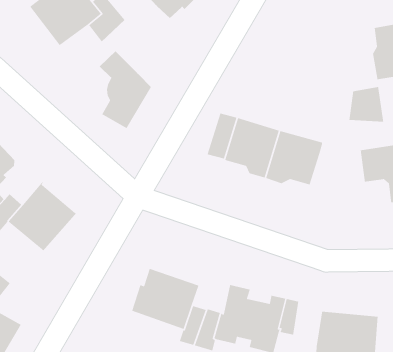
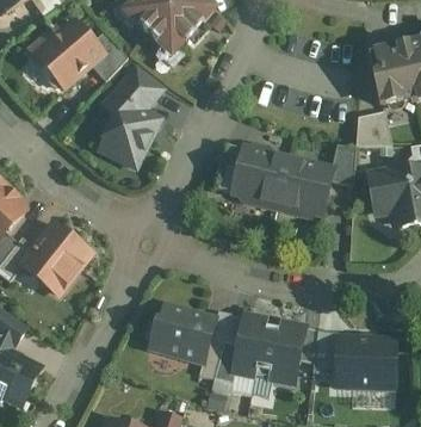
building: none -> [119,67,163,110]
building: none -> [329,143,355,185]
building: none -> [311,328,339,372]

